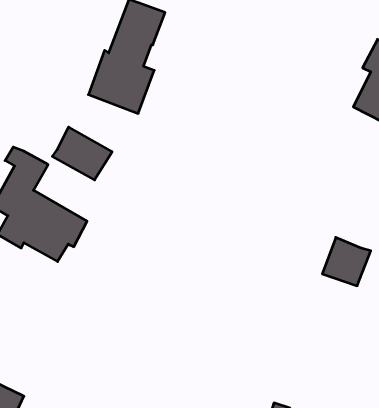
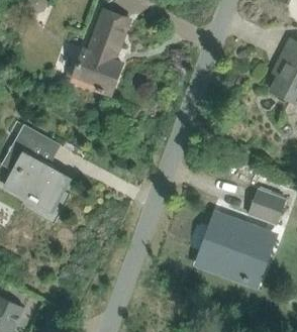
building: [52,127,112,180] -> none
building: none -> [199,216,264,281]

